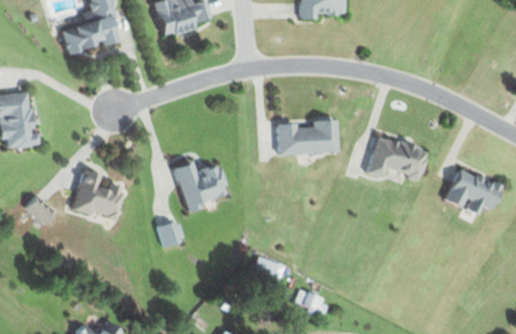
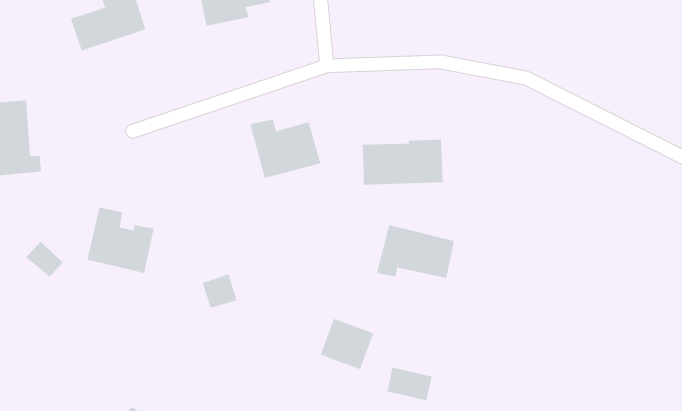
building: [368,137,426,178] -> [376,224,455,279]
building: [174,162,228,207] -> [249,119,321,178]
building: [444,168,500,209] -> none

